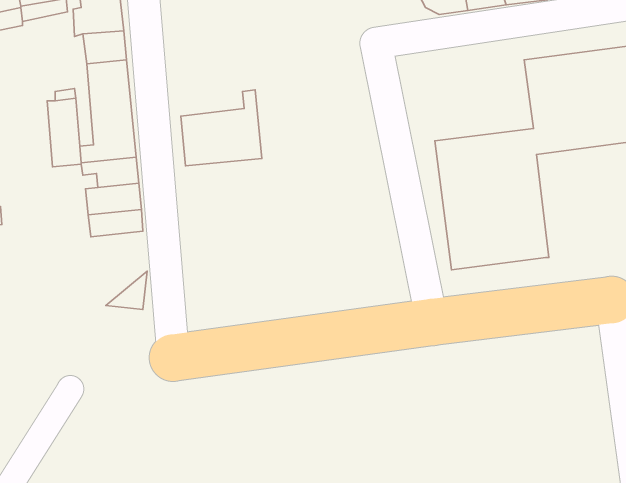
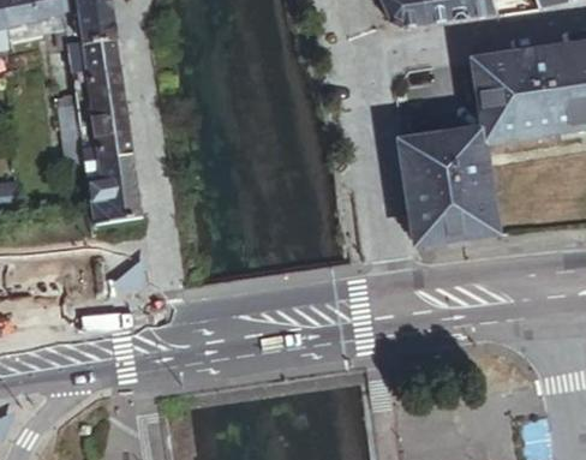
building: [181,90,262,166] -> none

